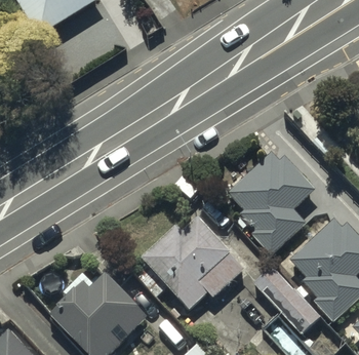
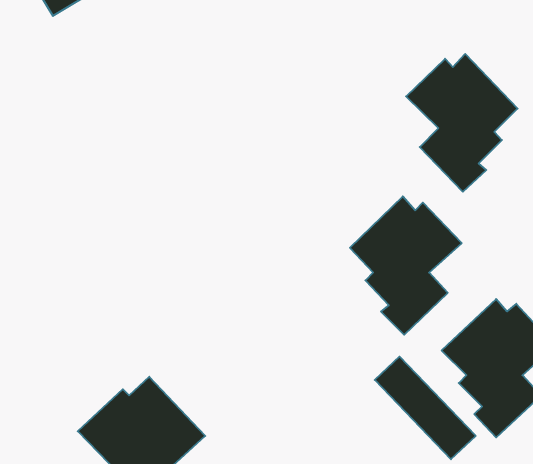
building: none -> [406,54,518,192]
building: [145,221,236,301] -> none

